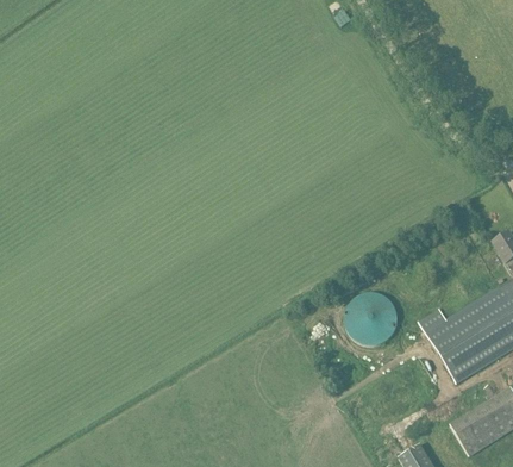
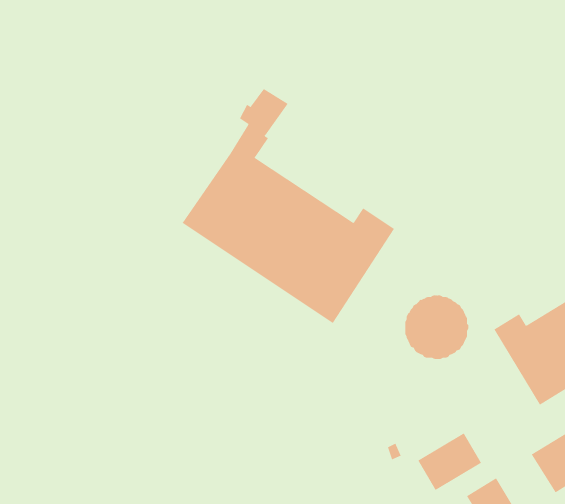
building: none -> [182,88,395,324]
building: none -> [418,433,482,491]

